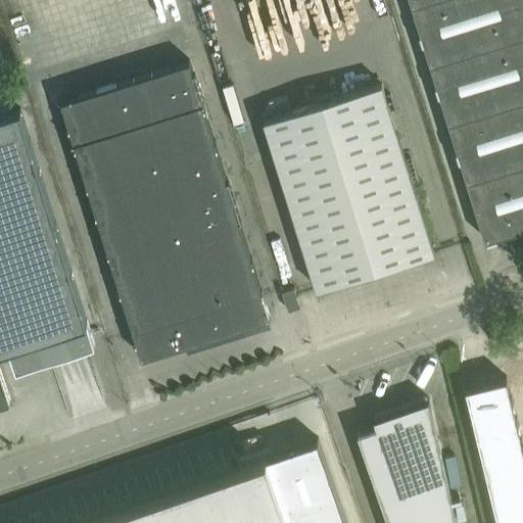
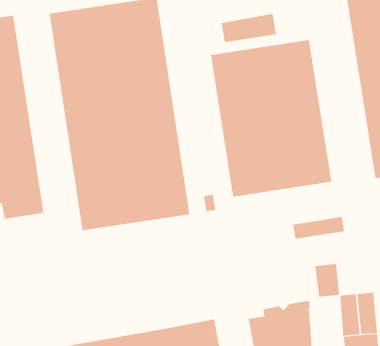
building: none -> [221,13,276,43]
building: none -> [293,216,345,239]
building: none -> [315,263,339,297]

